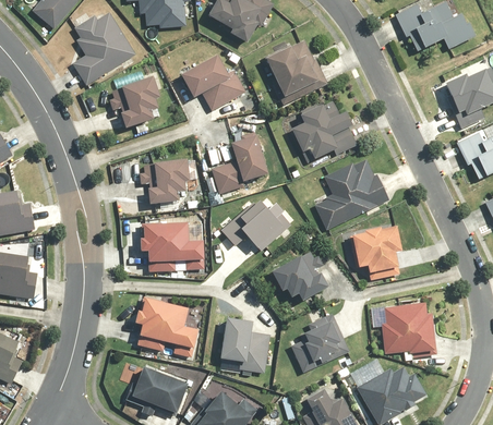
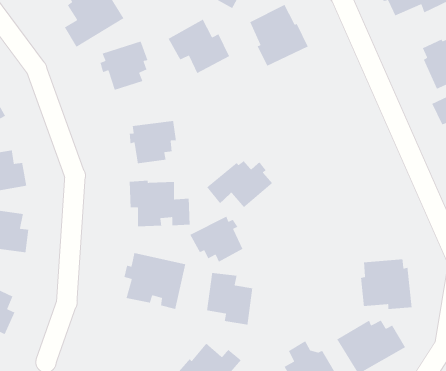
building: [291,100,357,159] -> none
building: [211,131,268,193] -> none
building: [313,158,388,229] -> none
building: [349,226,402,280] -> none
building: [272,252,328,301] -> [189,216,244,263]
building: [289,312,349,373] -> none
building: [125,366,188,415] -> none

